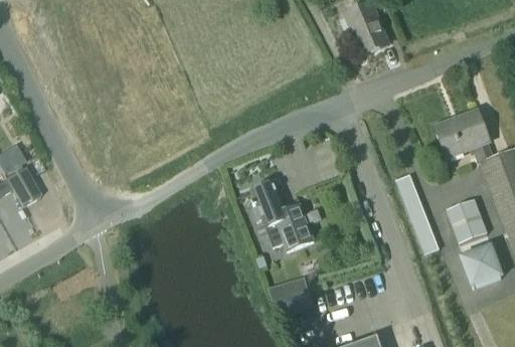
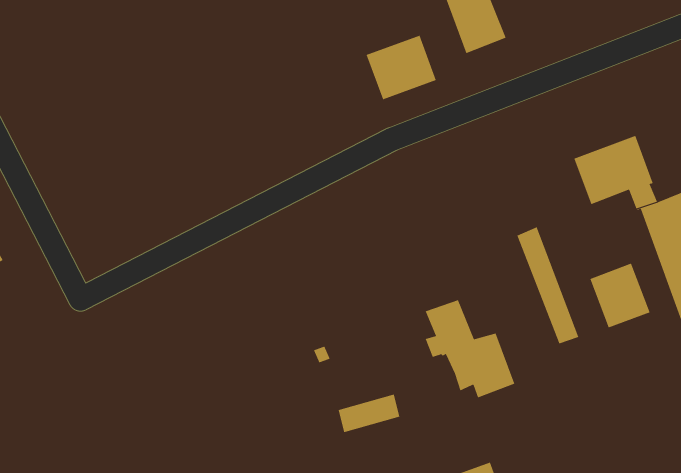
building: none -> [366,35,437,100]
building: [250,181,313,249] -> [425,299,515,398]
building: [459,242,505,288] -> none

